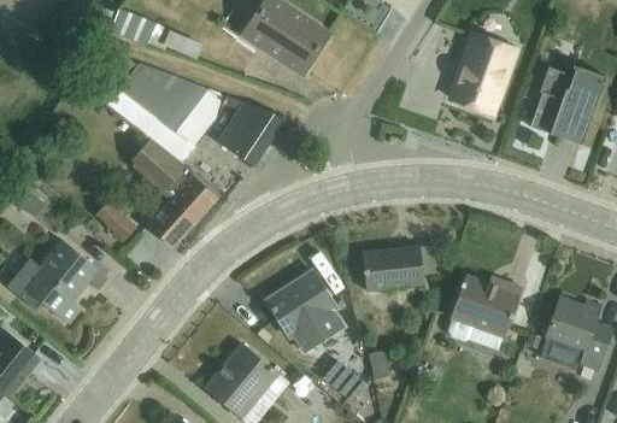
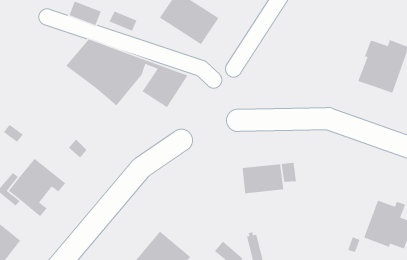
building: [451,34,513,111] -> none
building: [130,136,217,246] -> none
building: [265,269,345,351] -> none
building: [447,272,522,348] -> none

